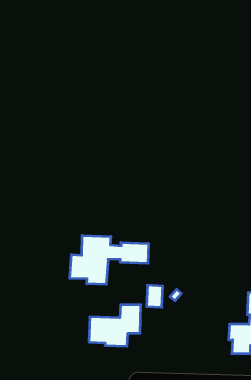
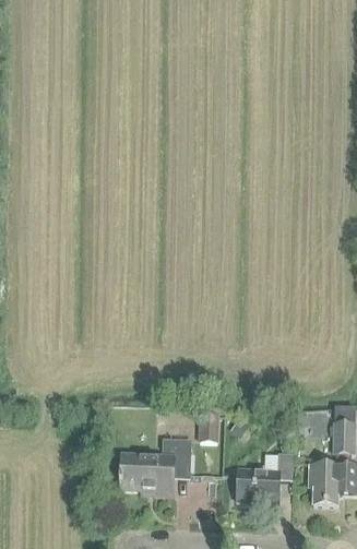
building: [70,235,148,284] -> none
building: none -> [236,451,293,501]

